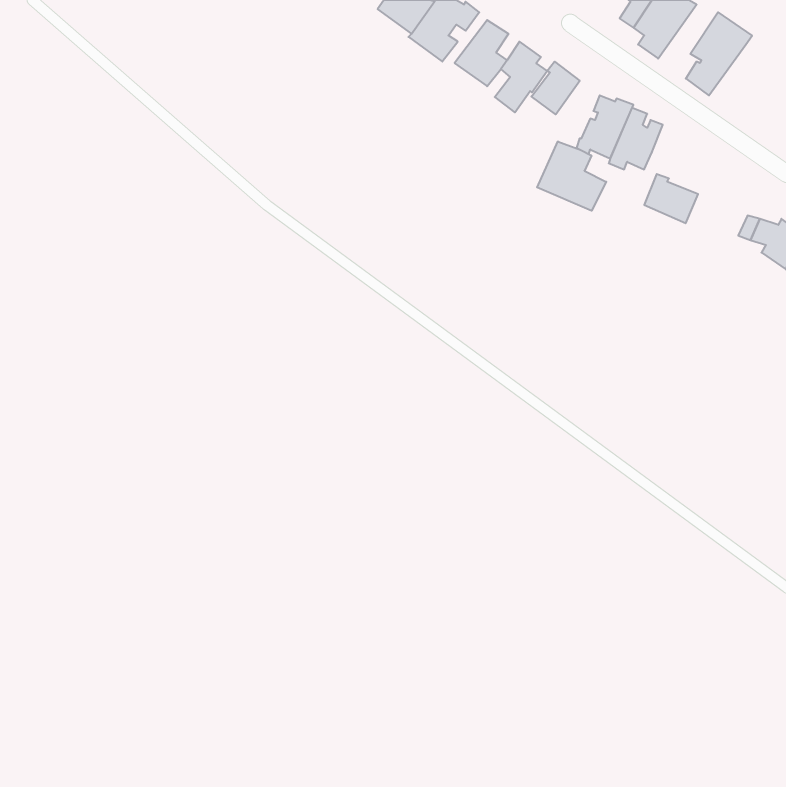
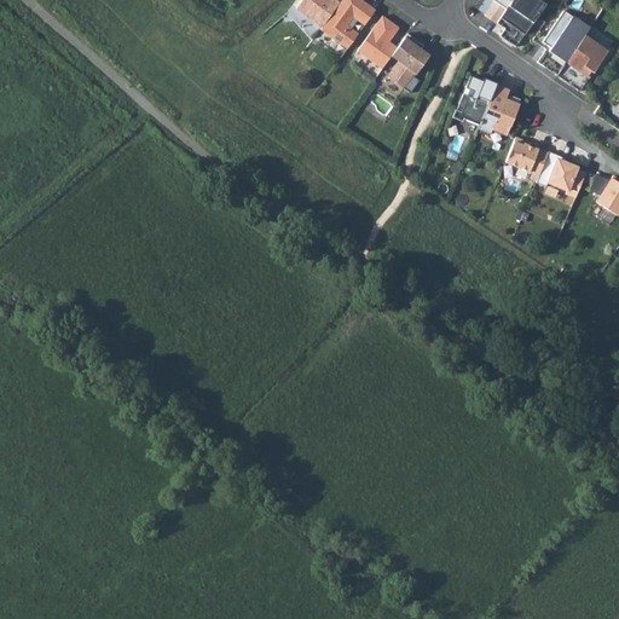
building: none -> [557,35,609,89]
building: [531,62,580,114] -> none
building: [537,141,606,211] -> none
building: none -> [537,150,578,190]

